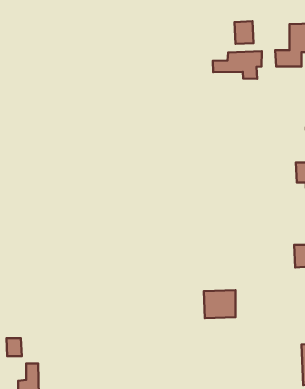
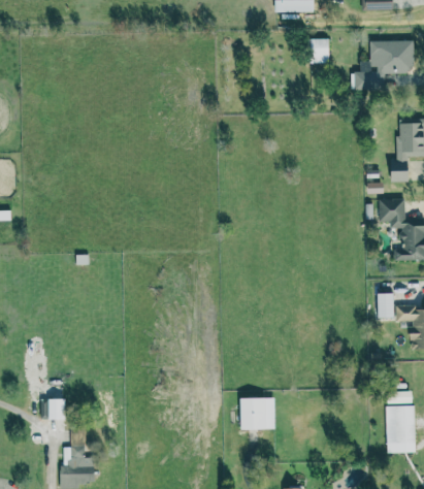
building: [213,51,262,79] -> none
building: [204,290,235,318] -> [238,398,274,430]

